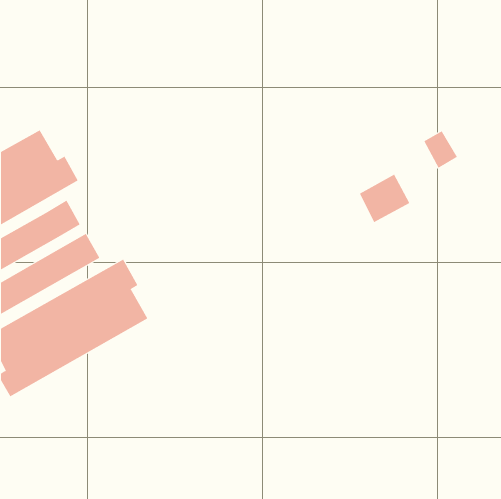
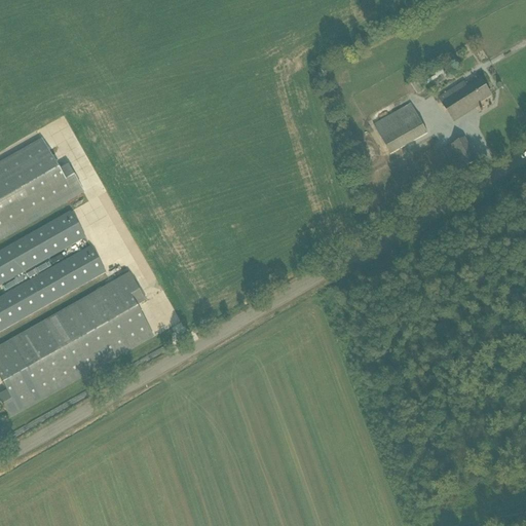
building: none -> [439,78,491,120]
building: [359,174,410,223] -> [374,102,427,153]

